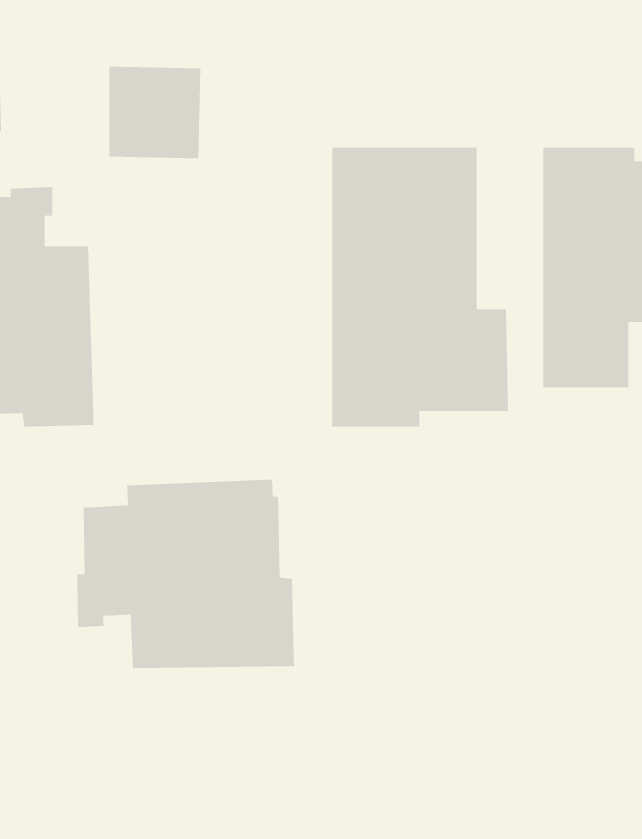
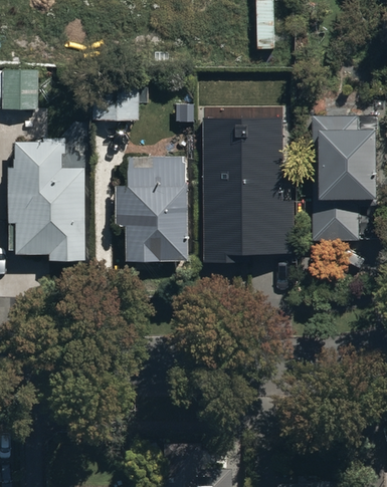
building: none -> [113,158,187,259]
building: [77,479,294,669] -> none

